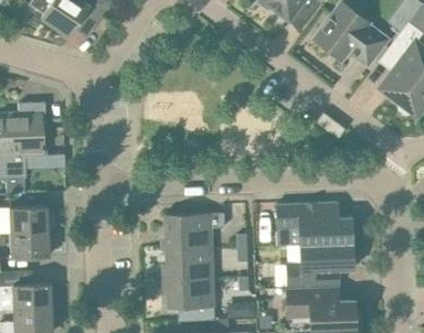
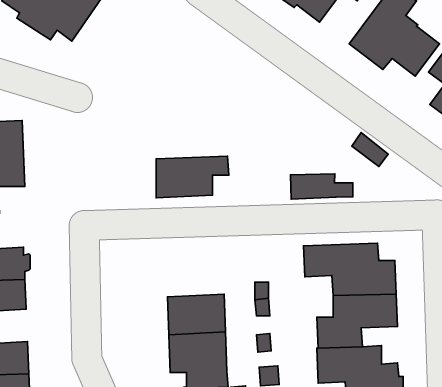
building: none -> [290,174,353,199]
building: [165,212,224,246] -> [156,156,229,198]

